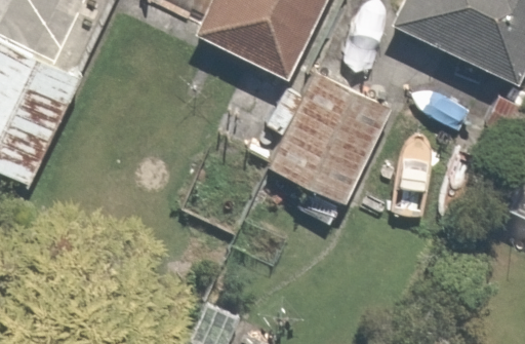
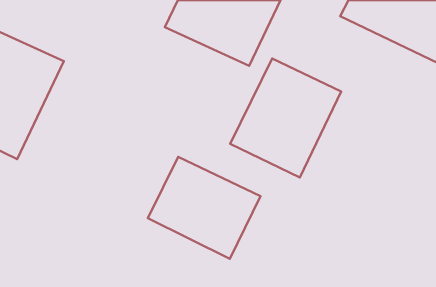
building: none -> [148,157,260,259]

